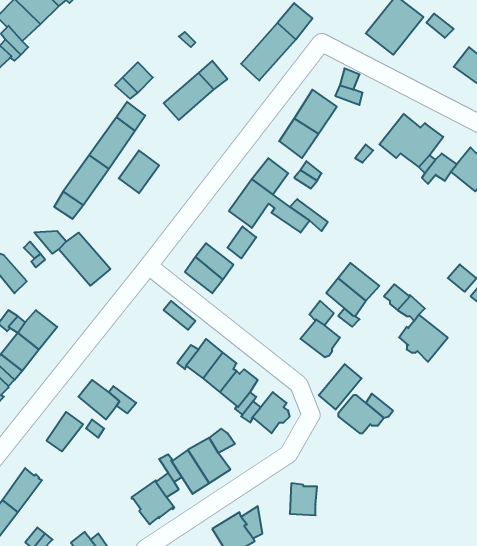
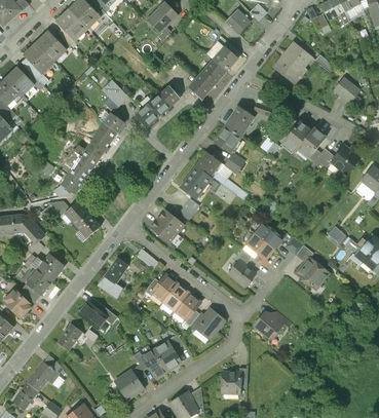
building: [119,150,159,193] -> none
building: none -> [99,257,129,298]
building: [319,364,362,410] -> none

